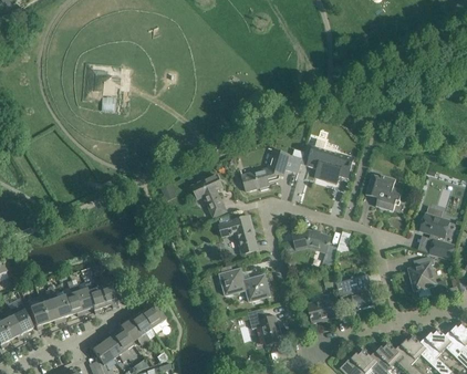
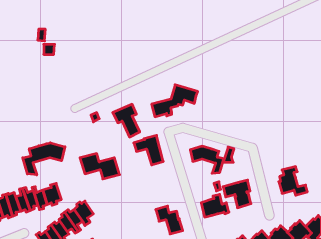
building: [301,139,354,185] -> none
building: [366,175,402,211] -> none
building: [421,214,454,259] -> none
building: none -> [23,143,65,175]
building: [219,269,271,302] -> [80,154,120,179]

